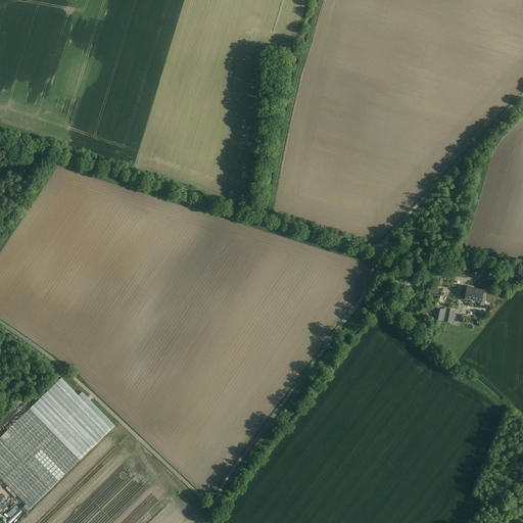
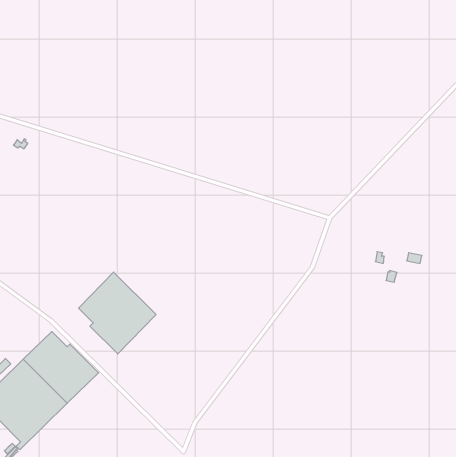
building: none -> [79,272,156,354]

